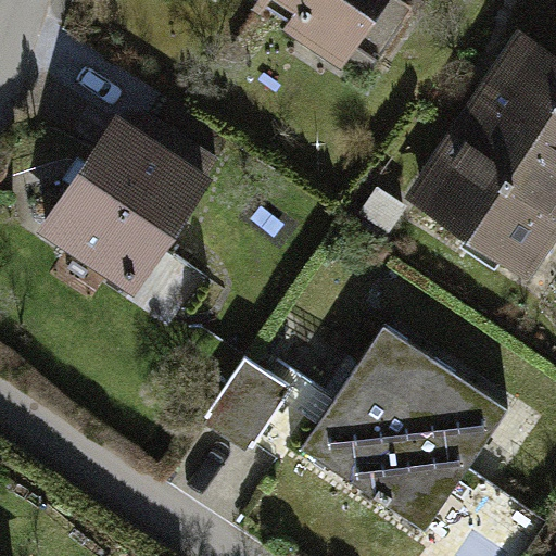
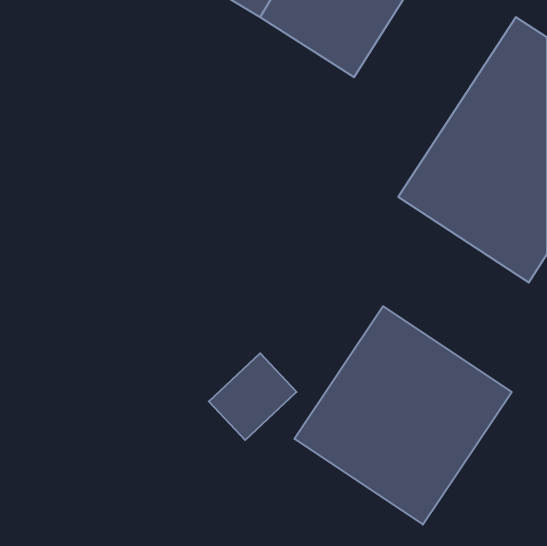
building: [21,93,227,309] -> none

